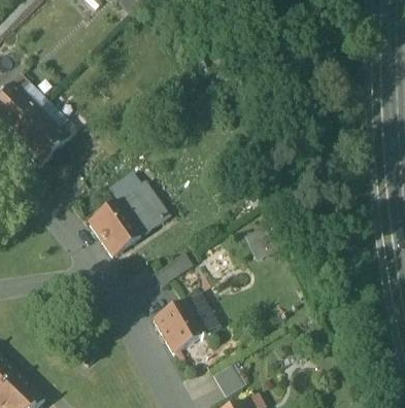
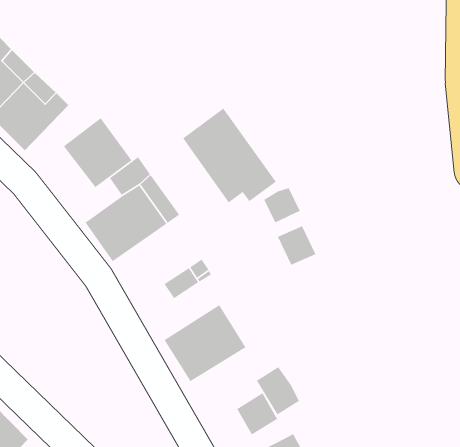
building: none -> [182,108,277,203]
building: none -> [63,117,133,188]
building: none -> [263,187,301,224]
building: none -> [256,366,300,415]

